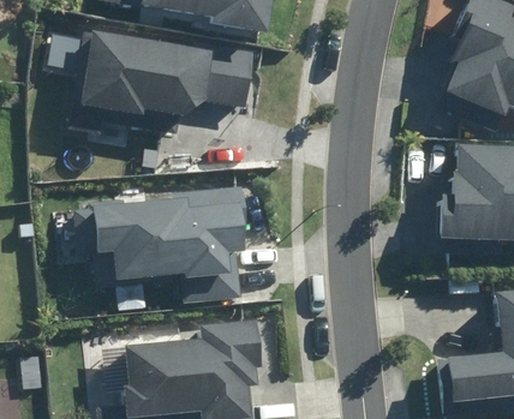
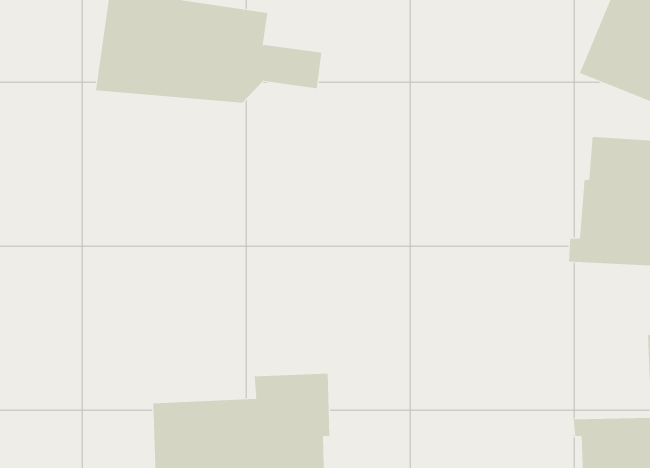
building: [91,191,243,300] -> none

